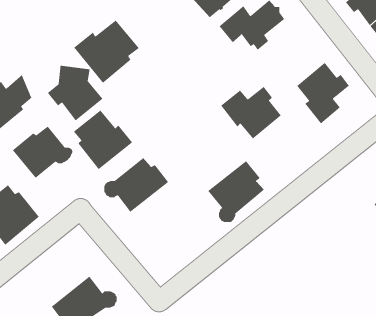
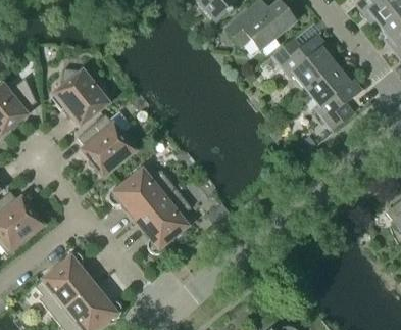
building: [73,19,140,84] -> none
building: [220,86,282,139] -> [272,34,336,89]
building: [12,126,73,179] -> none
building: [207,160,265,223] -> [136,188,195,252]
building: none -> [35,251,94,316]

